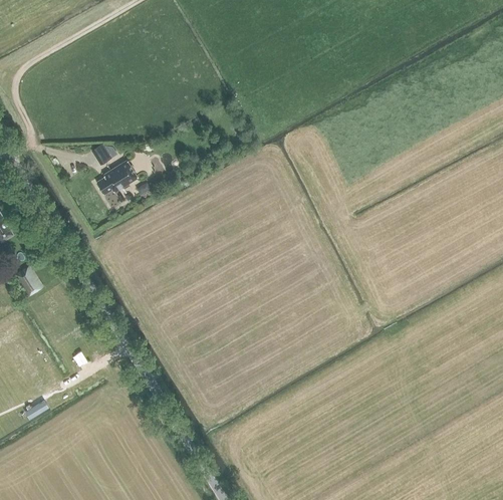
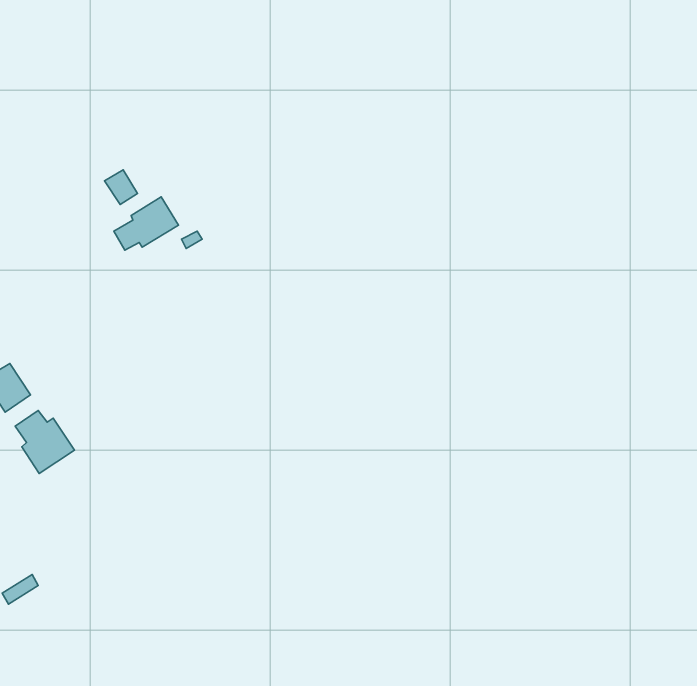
building: none -> [15,410,74,474]

